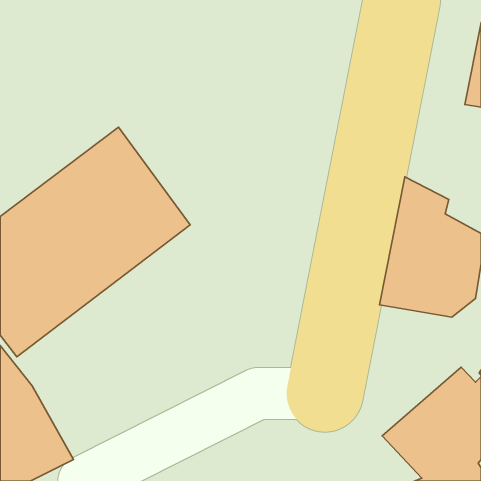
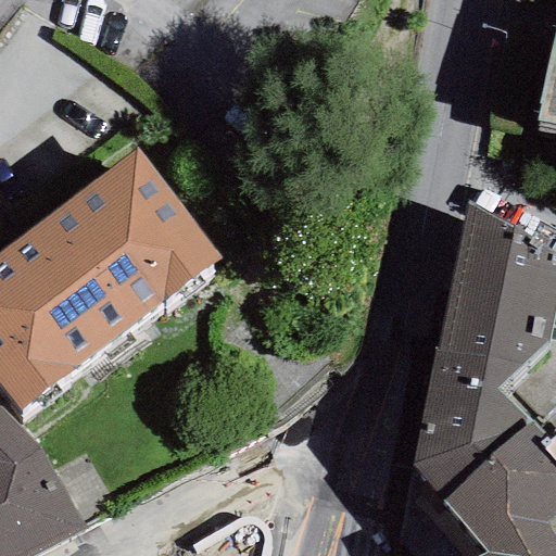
building: none -> [410,351,532,503]

